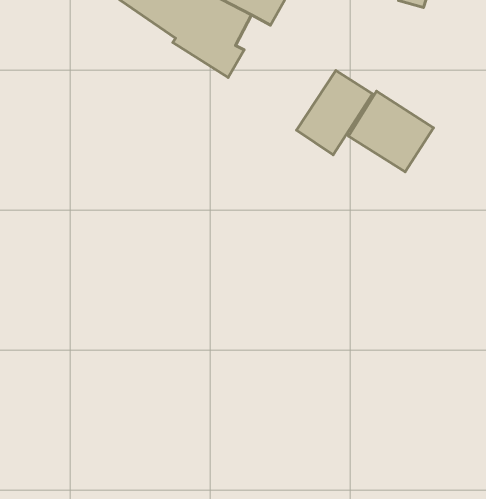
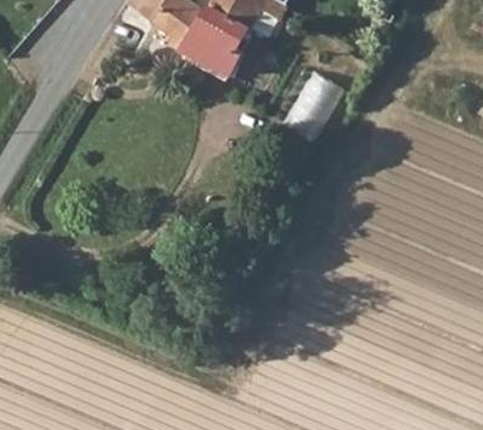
building: [349,91,434,172] -> none

